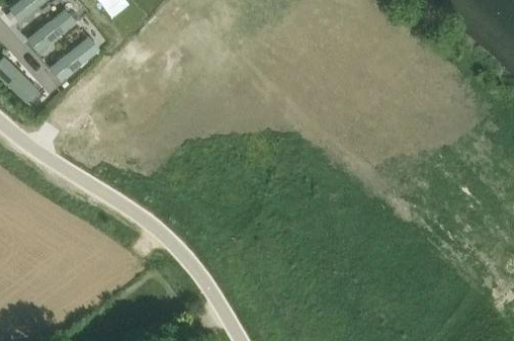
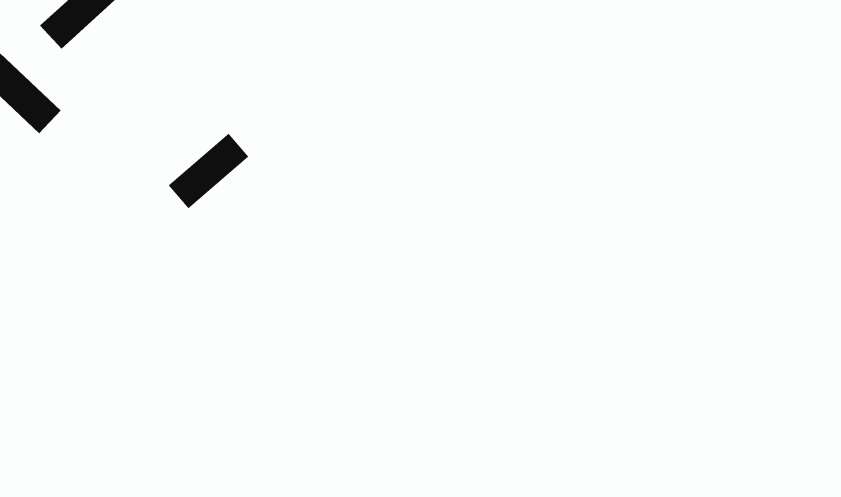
building: [50,36,98,82] -> [168,133,249,209]

